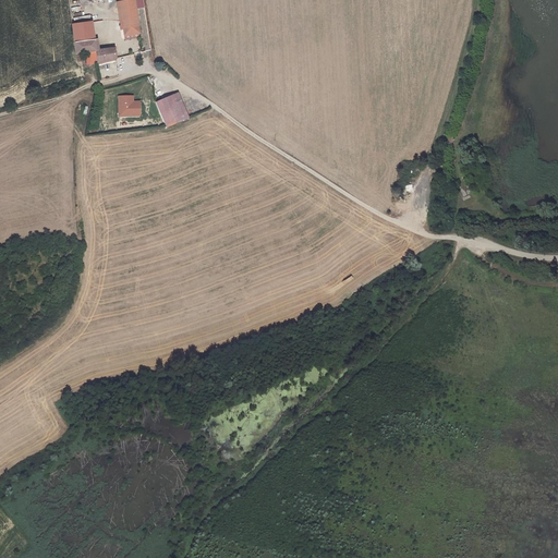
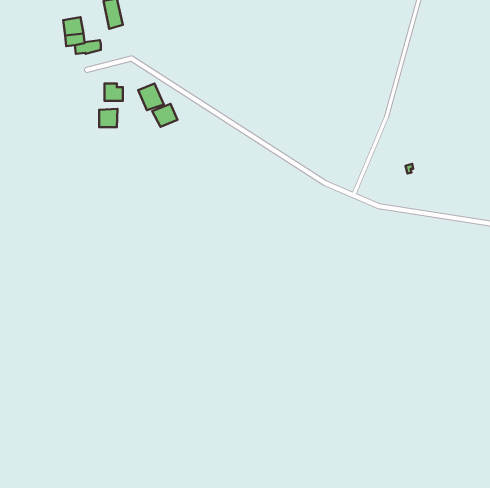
building: none -> [152,104,177,127]
building: none -> [99,109,117,127]

